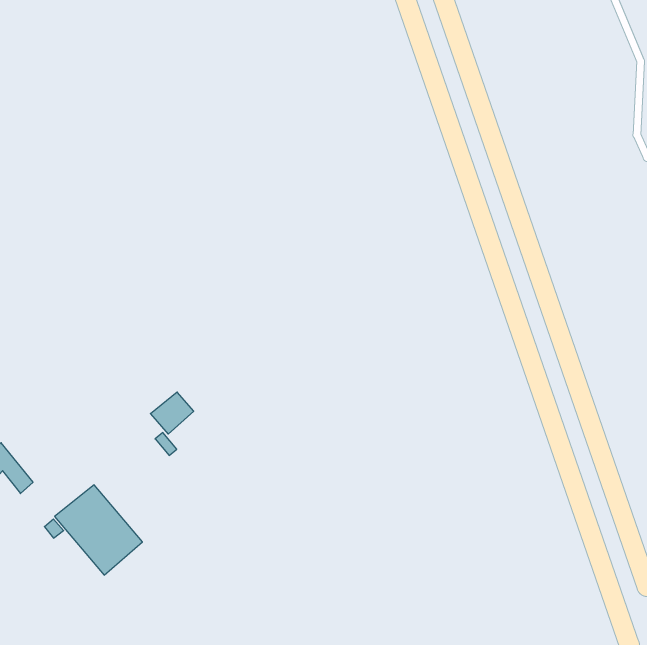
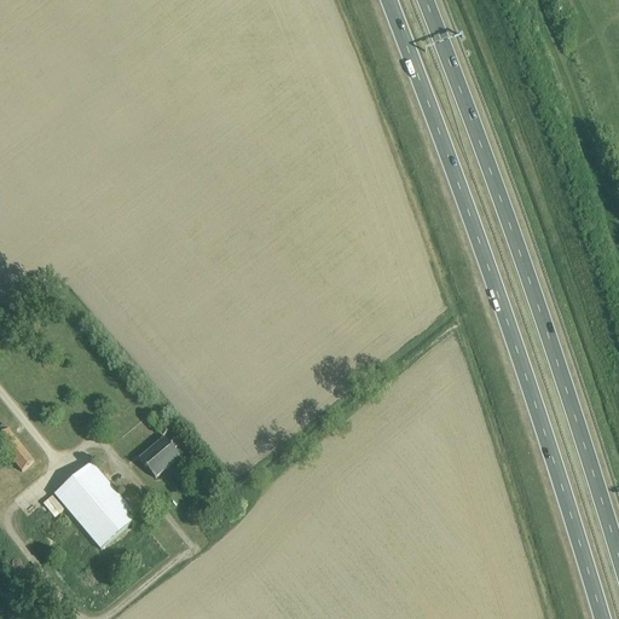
building: [150,392,194,434] -> [137,435,178,475]

